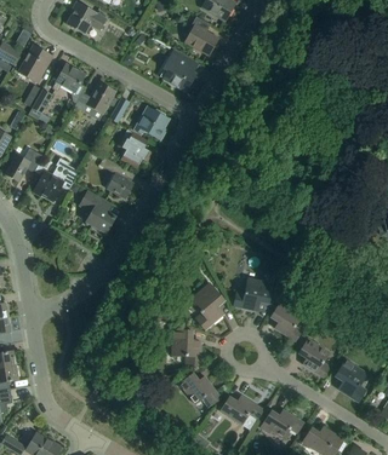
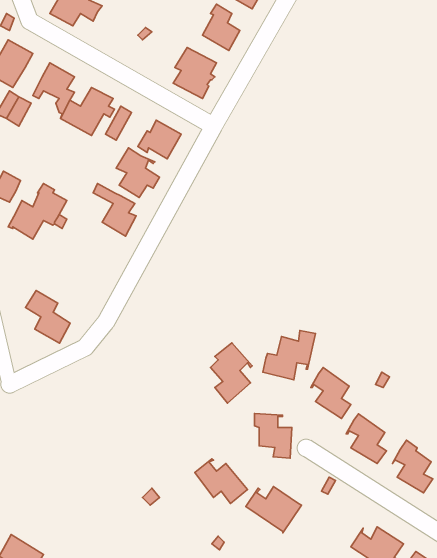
building: [79,191,114,232] -> [25,291,70,343]
building: [170,329,199,364] -> [255,413,292,458]
building: [259,409,303,438] -> none

